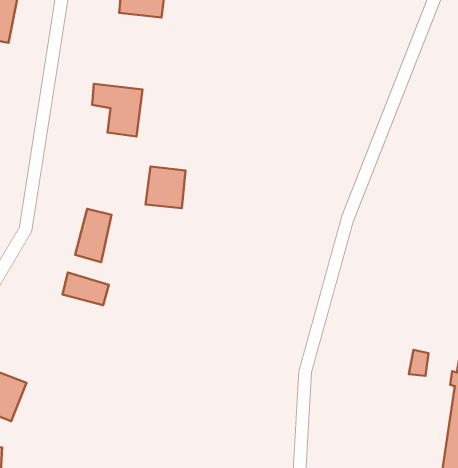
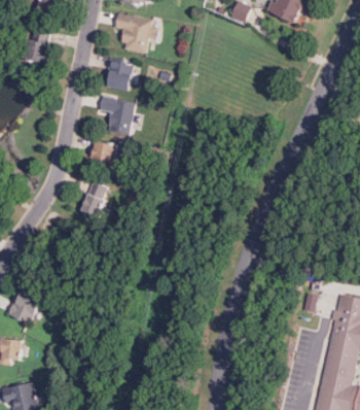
building: none -> [106,58,134,92]
building: [146,167,185,208] -> [87,140,116,170]
building: [63,273,109,305] -> none

